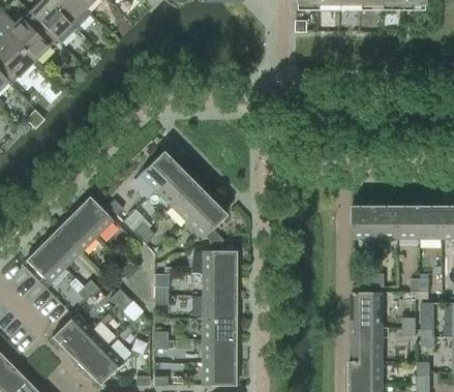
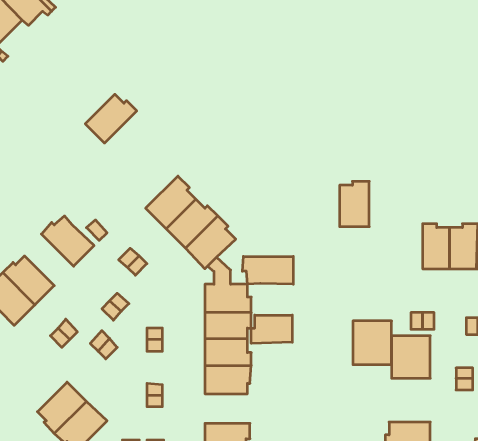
building: [139,151,180,190] -> [85,94,137,143]
building: [353,203,376,239] -> [340,181,369,227]
building: [57,211,96,252] -> none
building: none -> [242,256,293,284]
building: none -> [251,315,292,343]
building: [50,313,91,354] -> none
building: [352,327,383,362] -> [353,321,392,365]
building: [202,339,238,363] -> none

